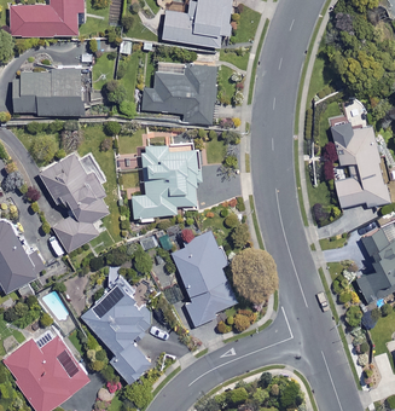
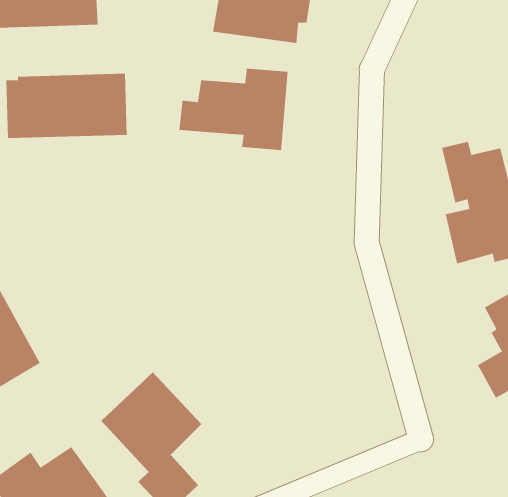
building: [130,145,199,221] -> none
building: [40,149,116,253] -> none
building: [170,231,237,326] -> none

